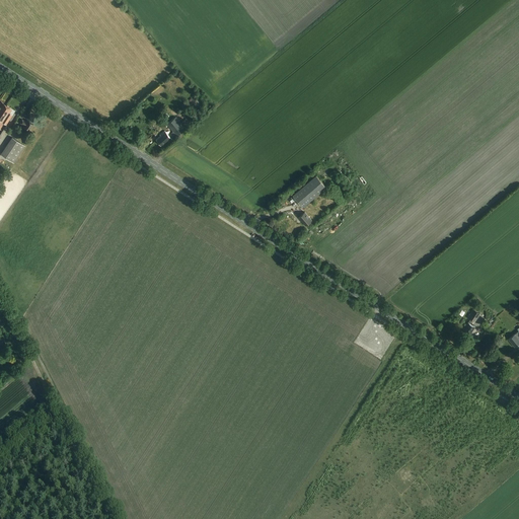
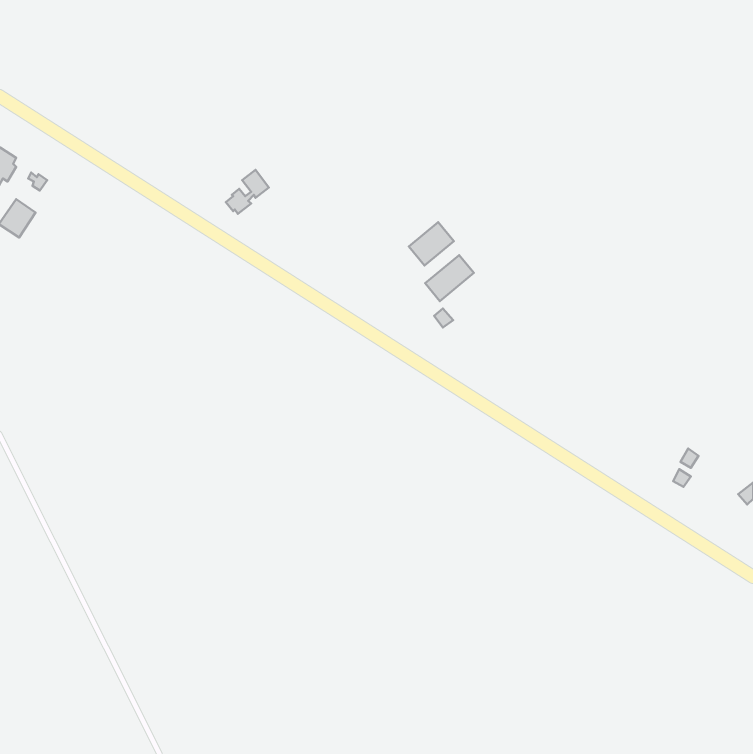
building: none -> [409,222,454,265]

